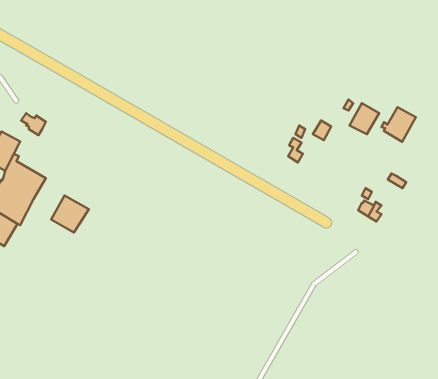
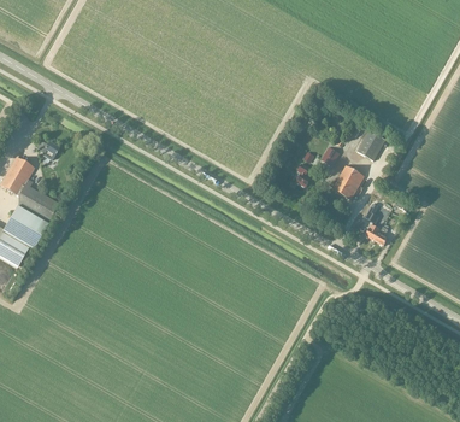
building: [381,107,416,142] -> [330,166,364,200]
building: [51,196,89,232] -> none

